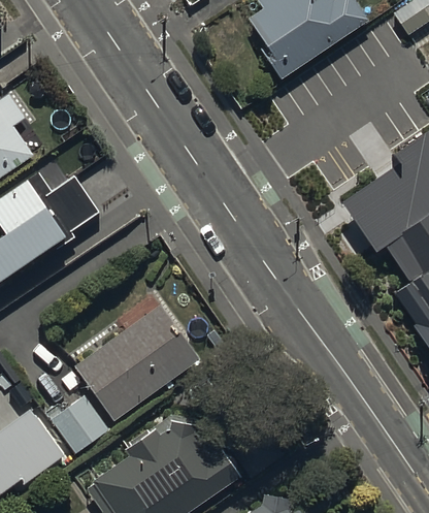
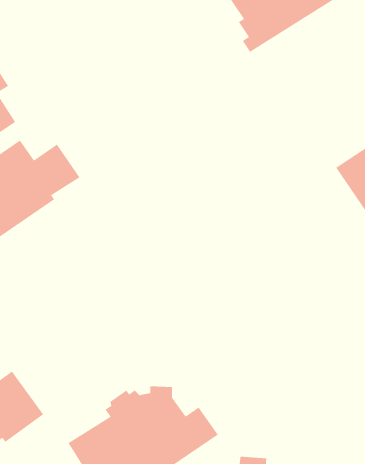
building: [75,306,200,421] -> none
building: [51,392,110,453] -> none

